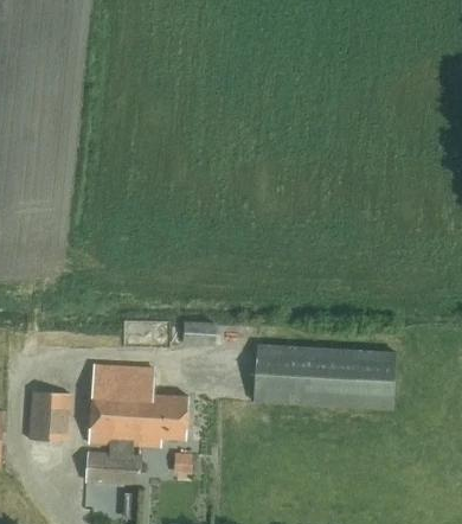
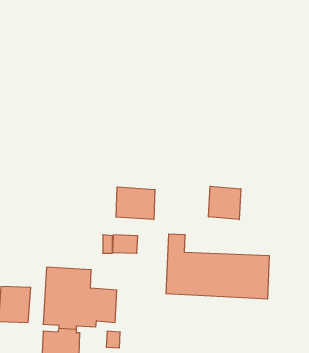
building: none -> [209,186,241,220]
building: none -> [116,187,155,220]

